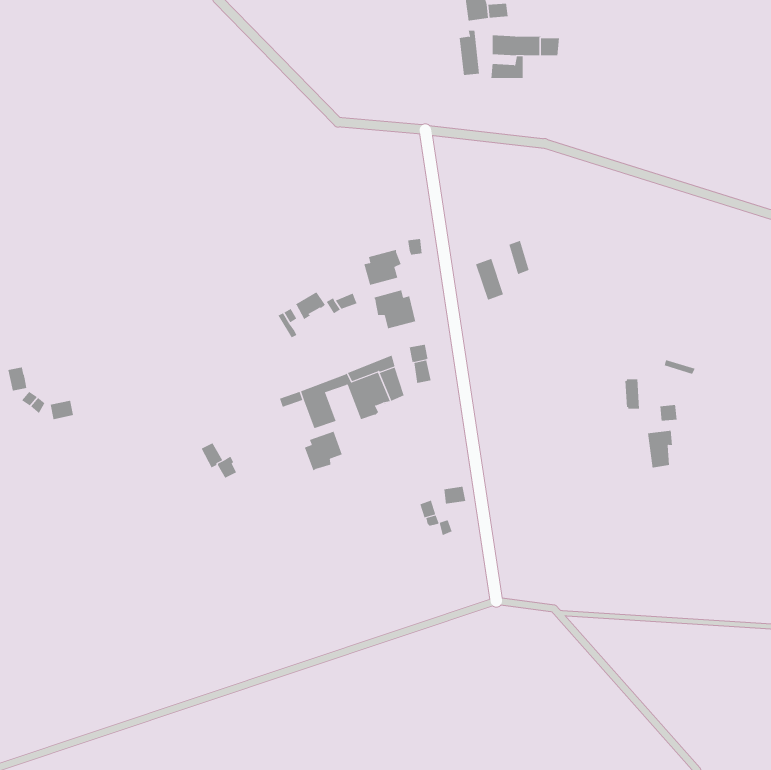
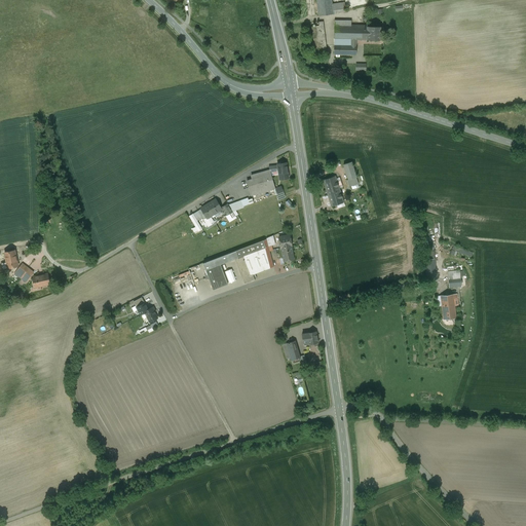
building: [373,290,416,329] -> none
building: [304,431,343,471] -> none

